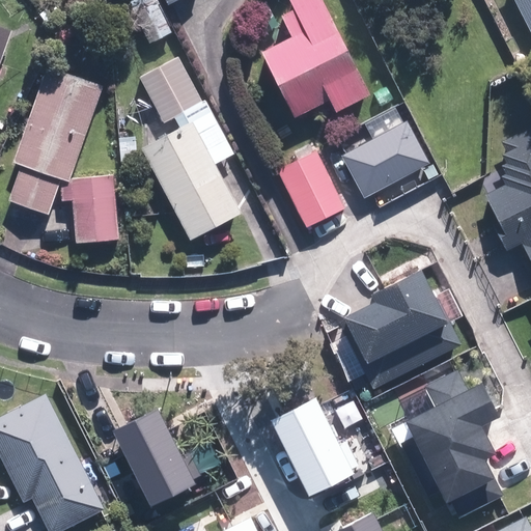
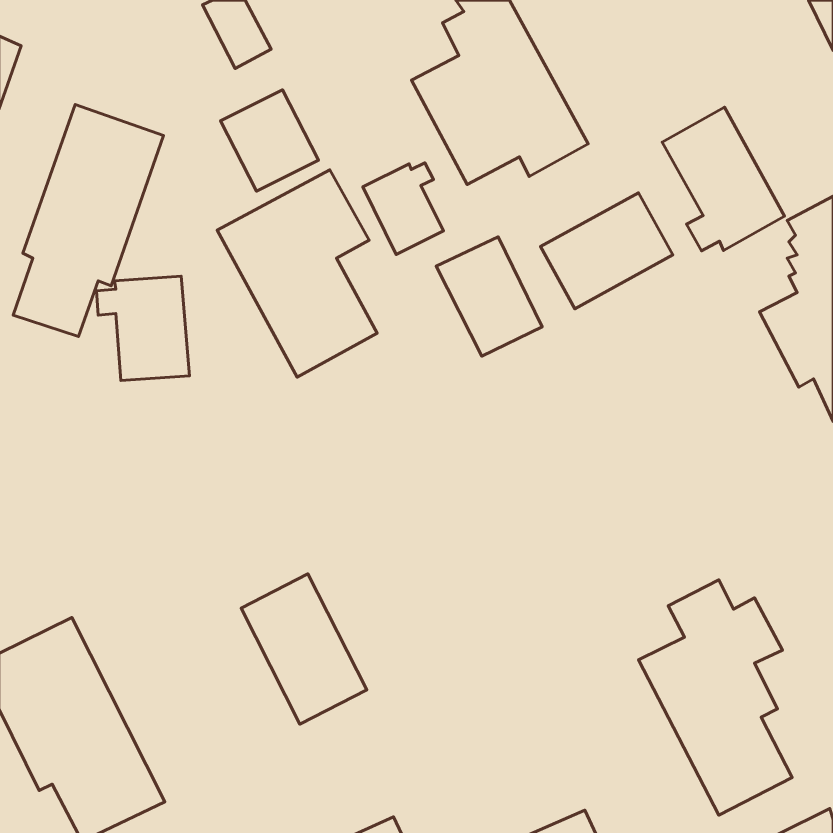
building: none -> [662,107,784,251]
building: none -> [363,163,444,255]
building: [338,266,460,387] -> none
building: [273,401,353,497] -> none
building: [114,412,194,507] -> [241,574,367,724]

